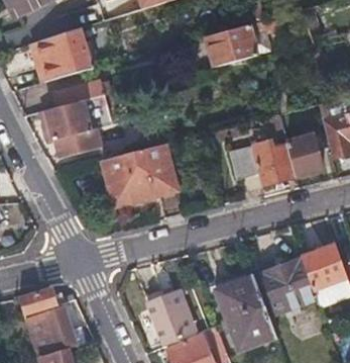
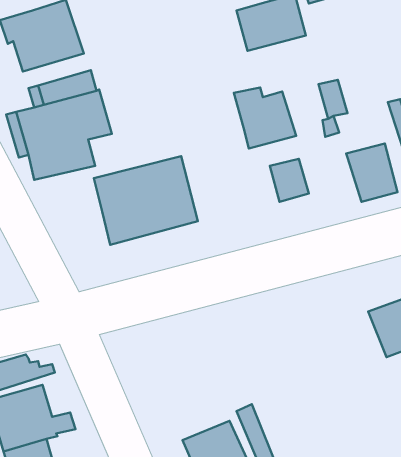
building: [250,141,296,185] -> [234,87,296,148]
building: [260,256,316,312] -> none
building: [214,275,275,352] -> none
building: [145,289,197,347] -> none

